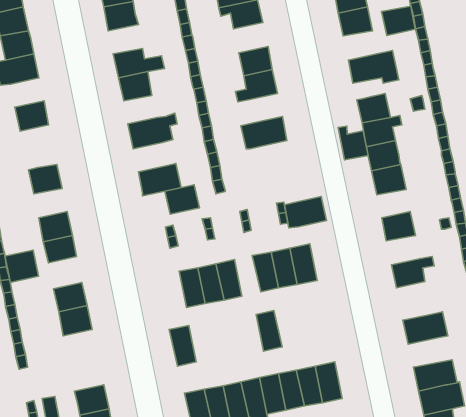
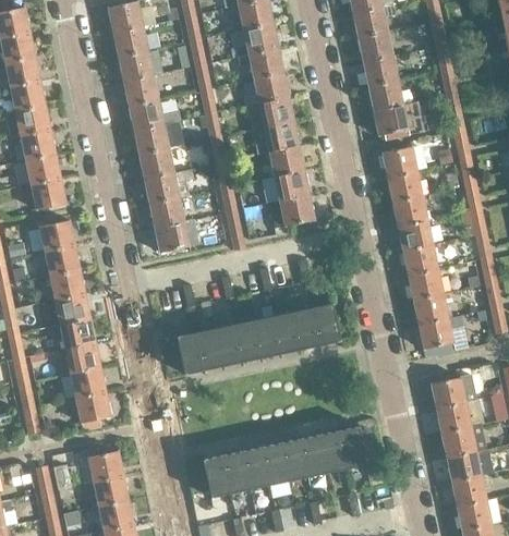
building: [382,6,415,35] -> [367,81,402,111]
building: none -> [242,72,289,105]
building: none -> [122,74,158,105]
building: none -> [21,130,56,160]
building: none -> [268,146,304,176]
building: none -> [138,148,173,178]
building: none -> [31,179,65,209]
building: [338,126,368,160] -> none
building: [165,185,199,214] -> [148,197,184,228]
building: none -> [45,245,80,276]
building: none -> [402,246,437,276]
building: [285,197,326,228] -> [270,195,314,228]
building: none -> [412,294,448,325]
building: [5,250,38,282] -> [60,316,95,350]
building: [256,310,282,351] -> [254,315,281,357]
building: [169,325,196,366] -> [175,331,204,374]
building: none -> [75,392,110,423]
building: none -> [435,399,484,431]

